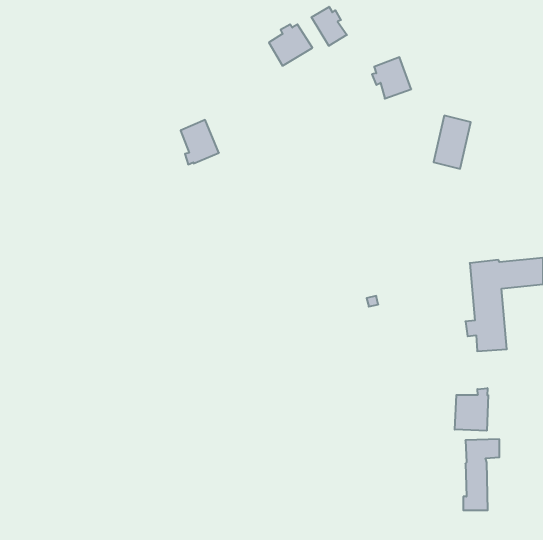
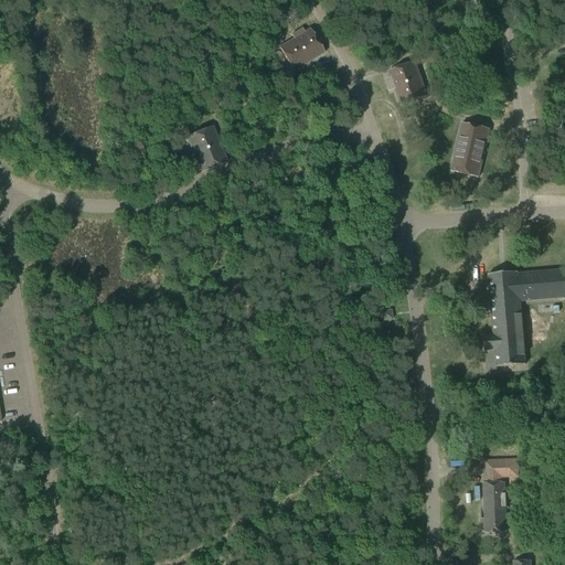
building: [311,7,347,46] -> none
building: [455,388,488,431] -> none

